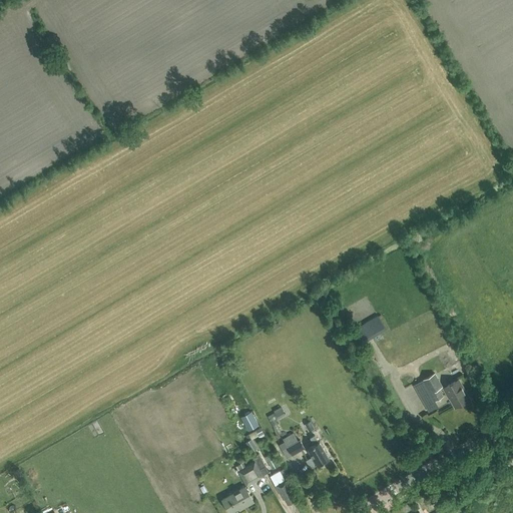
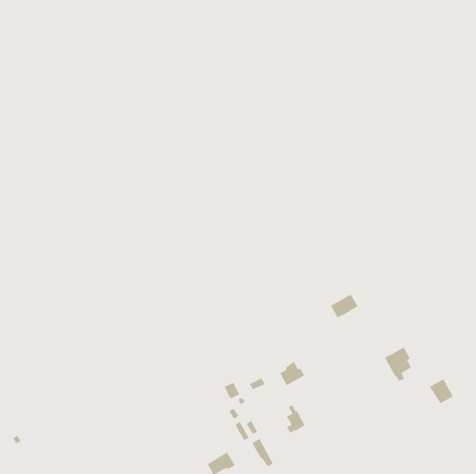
building: [443,381,470,409] -> [429,378,454,404]
building: [277,434,305,461] -> [279,361,305,386]
building: [235,463,264,487] -> none

